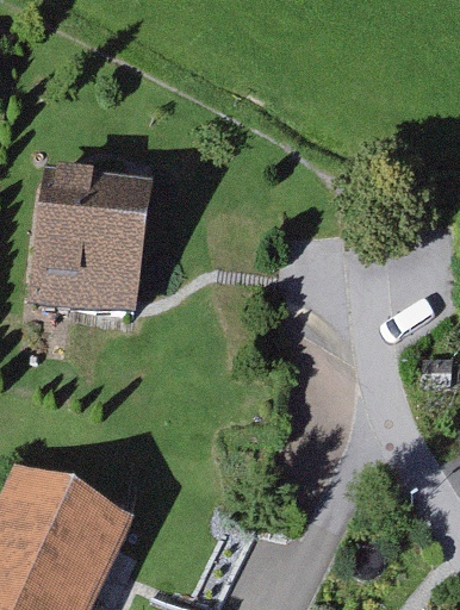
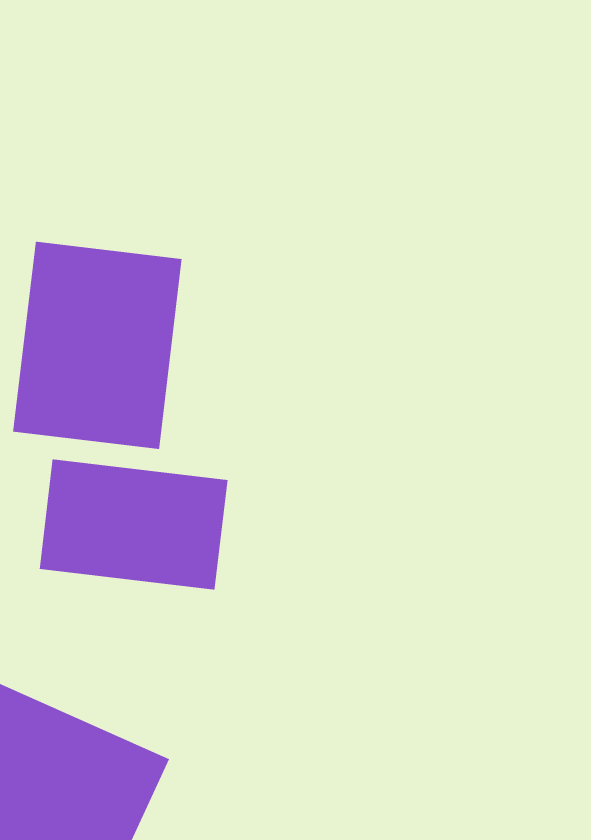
building: none -> [39,458,229,591]

